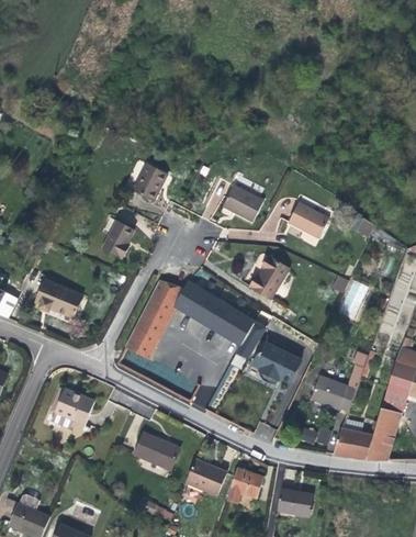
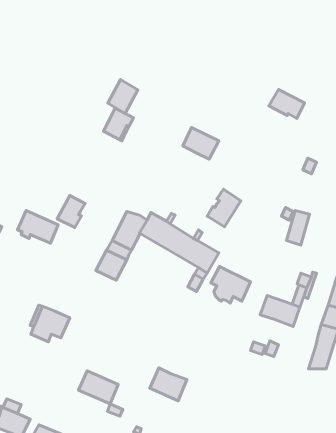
building: none -> [108,79,138,113]
building: [288,202,328,235] -> [269,89,305,118]
building: [102,221,134,257] -> [57,196,85,228]
building: [333,427,373,459] -> none
building: [134,432,179,469] -> [78,371,118,404]
building: [226,468,262,502] -> none
building: [277,490,312,515] -> none

